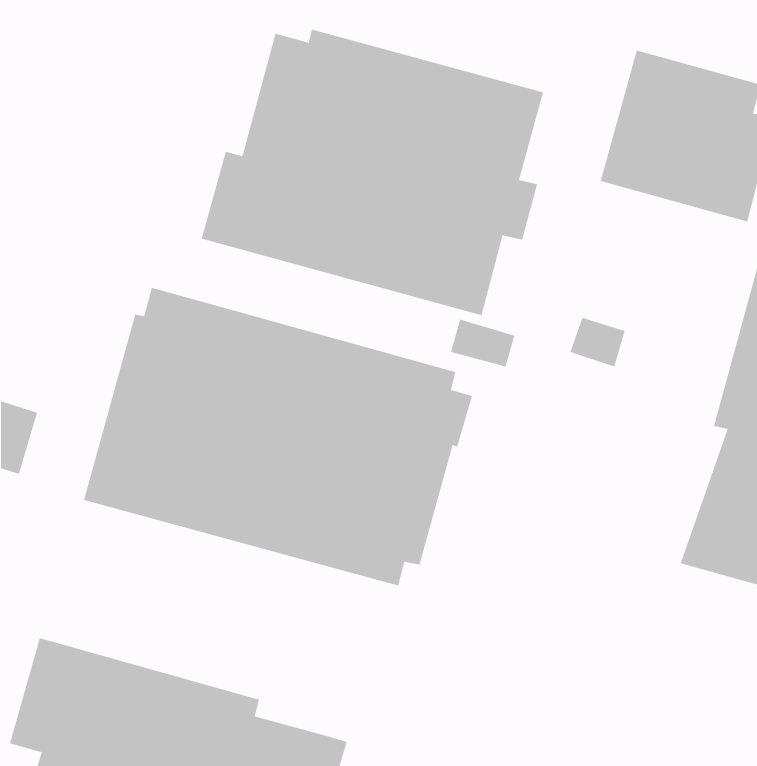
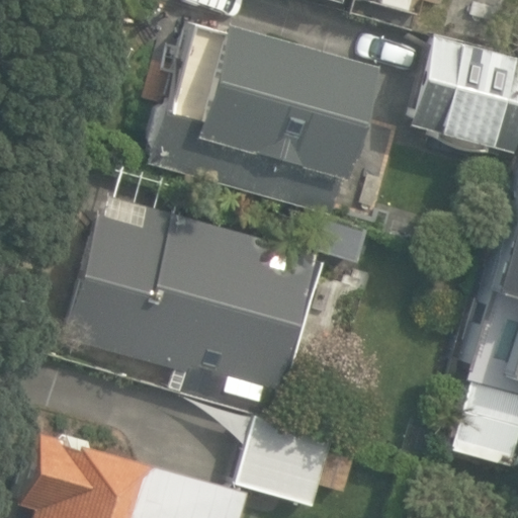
building: none -> [238,414,335,506]

